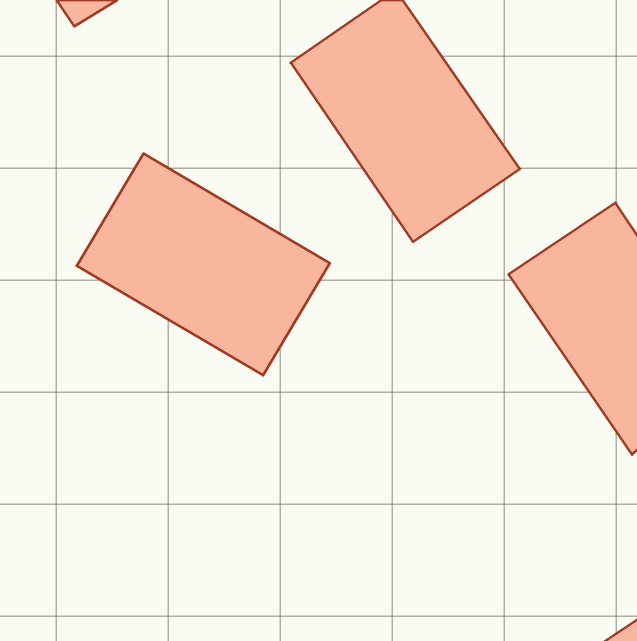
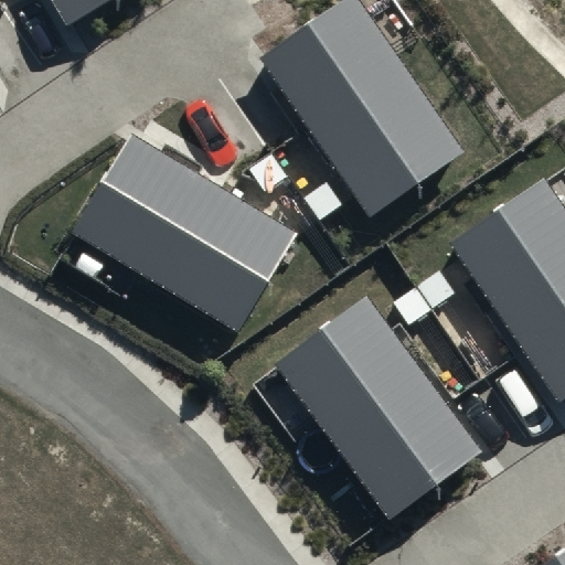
building: none -> [275,296,479,515]

